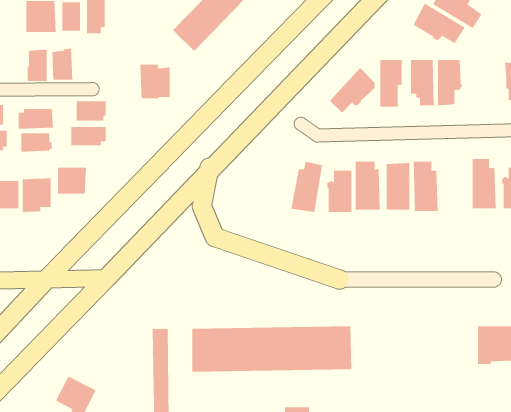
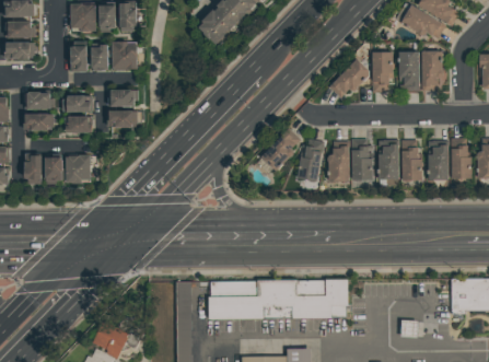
building: [140,64,170,99] -> [112,40,138,70]
building: none -> [259,128,300,173]
building: none -> [426,141,447,182]
building: [58,167,86,194] -> none

